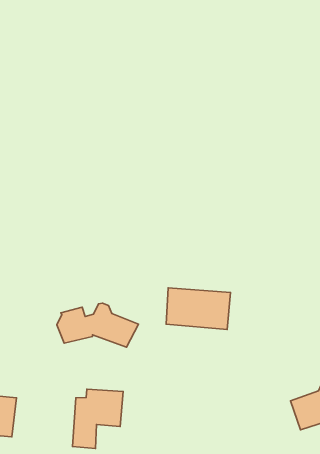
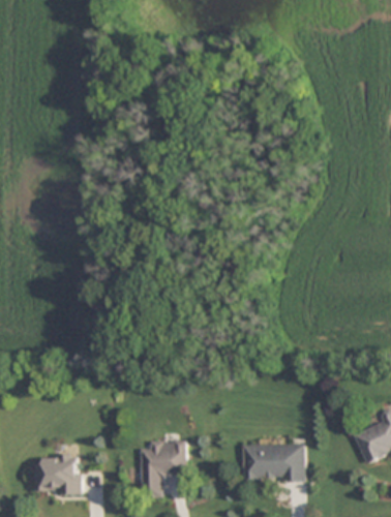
building: [166,288,230,330] -> [242,443,304,480]
building: [57,303,138,347] -> none

